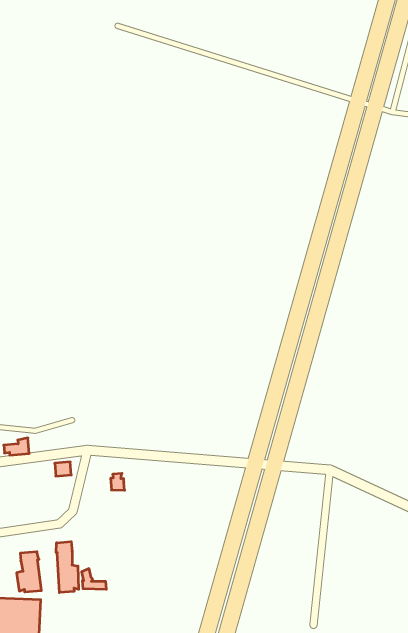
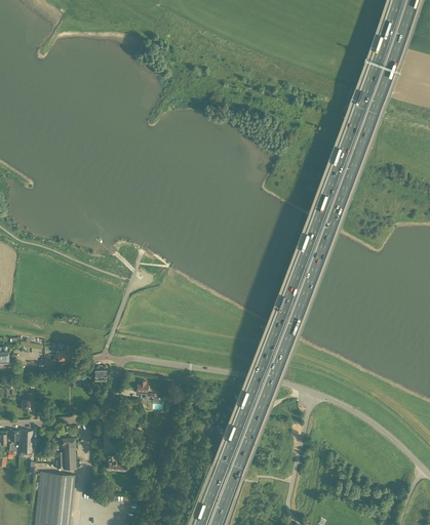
building: [56,542,79,593] -> none

